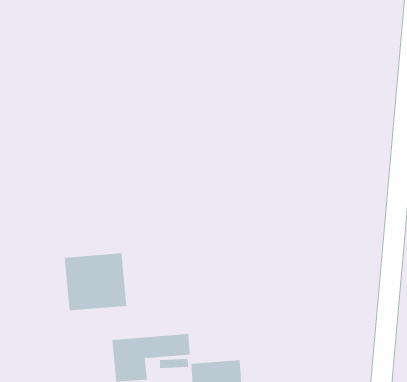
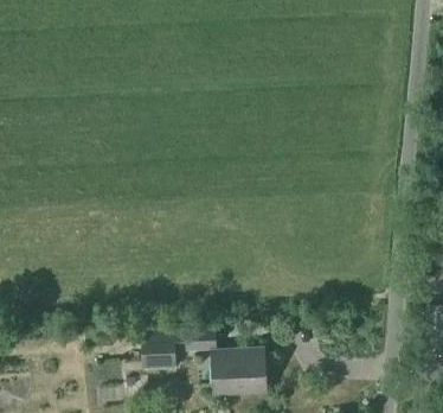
building: [64,252,127,311] -> none

